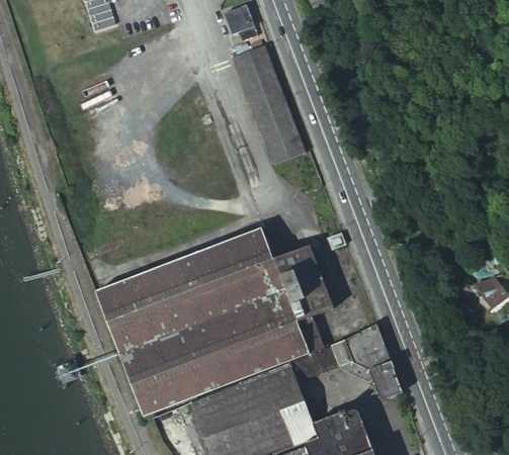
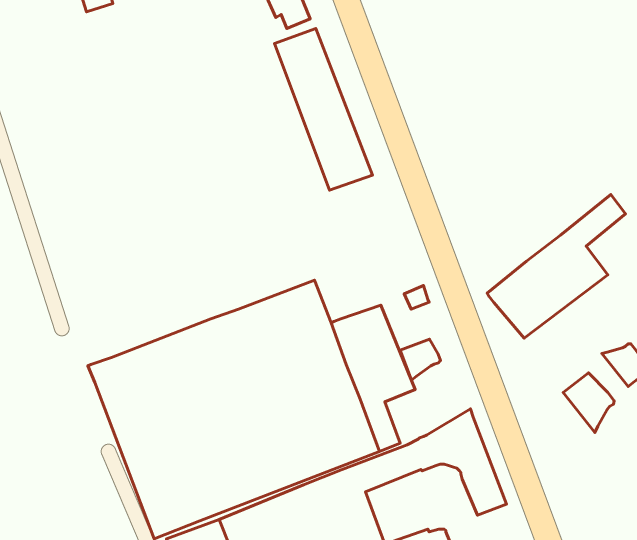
building: none -> [487,194,626,338]
building: none -> [400,339,440,380]
building: none -> [563,373,614,432]

